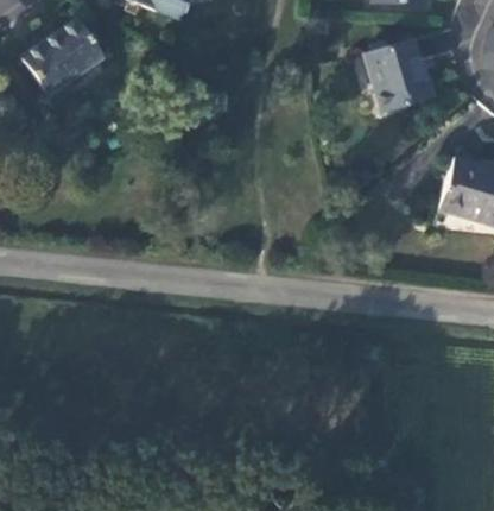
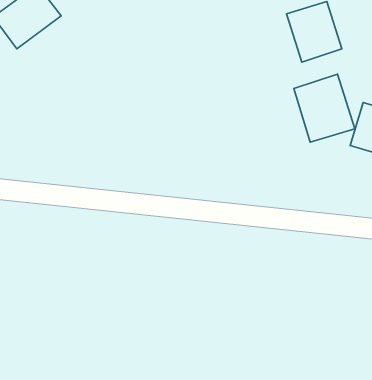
building: none -> [294,74,355,142]

